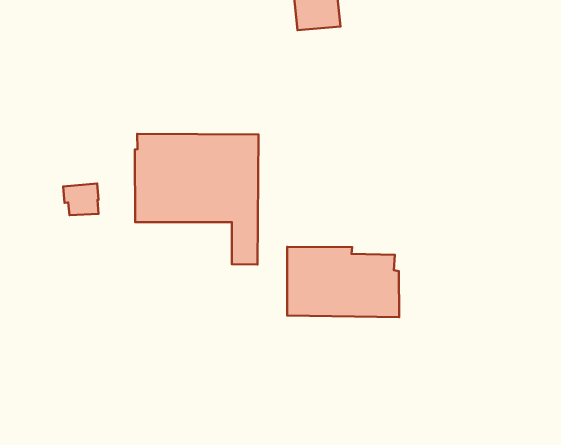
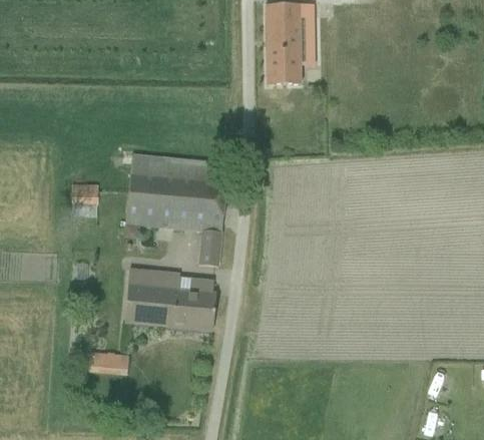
building: [287,247,399,317] -> [125,267,216,330]
building: none -> [89,353,127,374]

